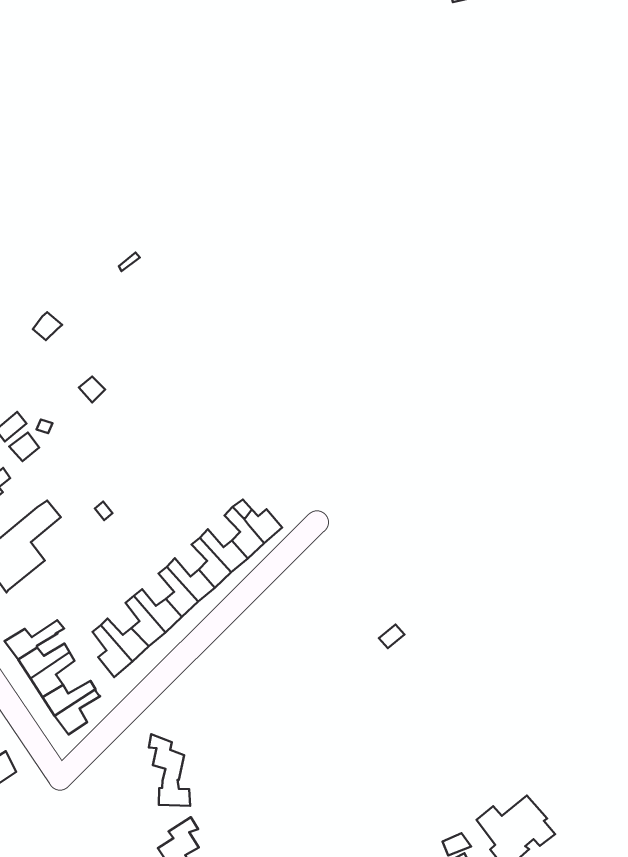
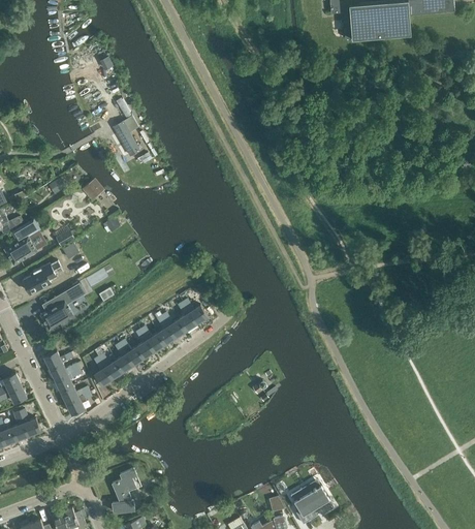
building: none -> [115,99,140,156]
building: [149,734,190,806] -> none

